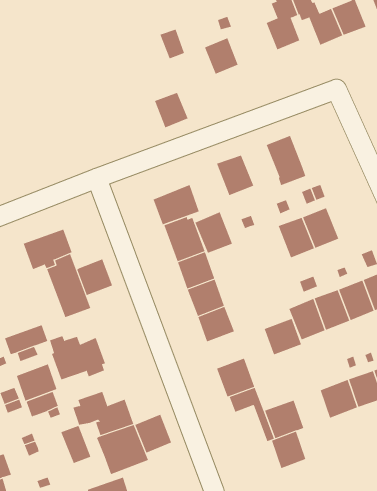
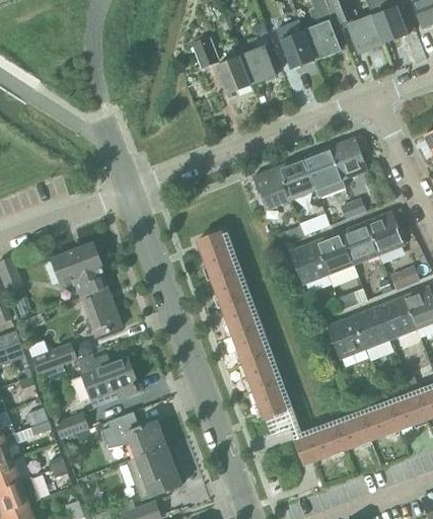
building: none -> [274,19,314,68]
building: [154,92,188,128] -> [215,57,250,94]
building: none -> [329,137,367,180]
building: none -> [278,157,316,200]
building: [153,184,199,225] -> none
building: none -> [366,208,407,254]
building: [195,212,233,254] -> [289,241,329,285]
building: [77,259,113,296] -> none
building: [264,318,302,355] -> [241,351,281,389]
building: [16,364,57,401] -> none
building: [135,414,172,454] -> none
building: [61,425,91,464] -> none
building: [271,431,306,469] -> [333,412,369,451]

